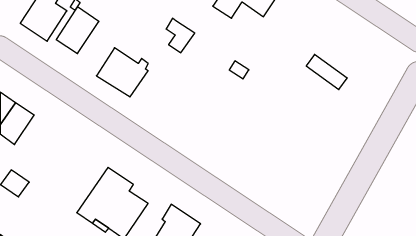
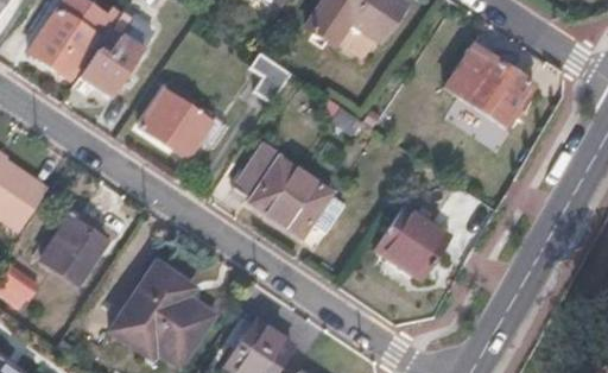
building: none -> [446,44,534,126]
building: none -> [235,143,332,235]
building: none -> [375,208,450,282]
building: none -> [51,221,109,283]

